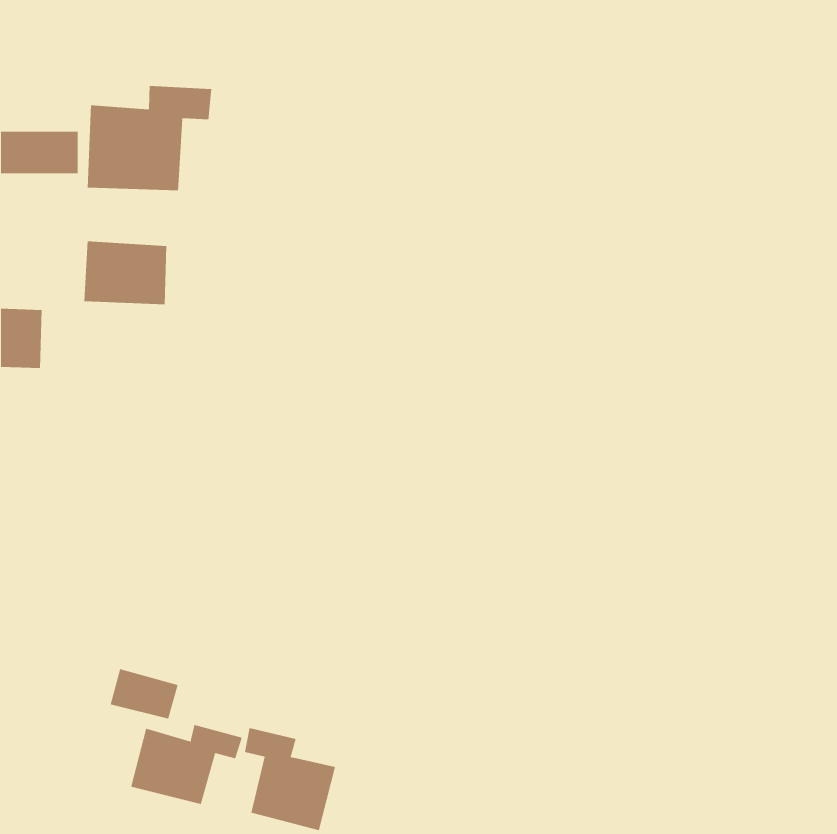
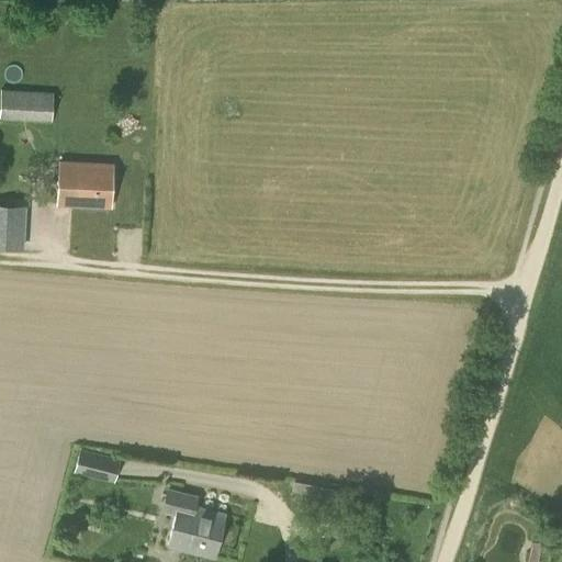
building: [87,85,212,191] -> none
building: [131,724,243,805] -> none

